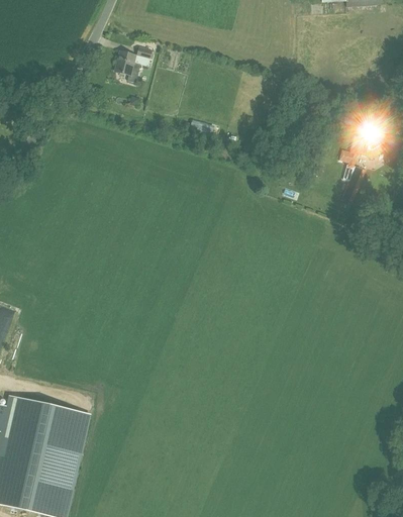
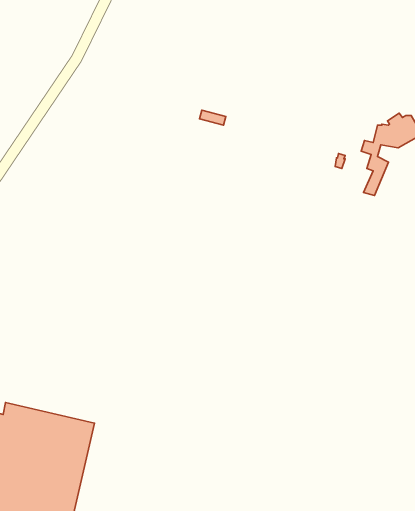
building: [113,45,152,82] -> none

